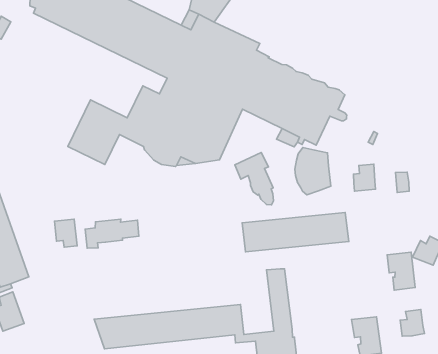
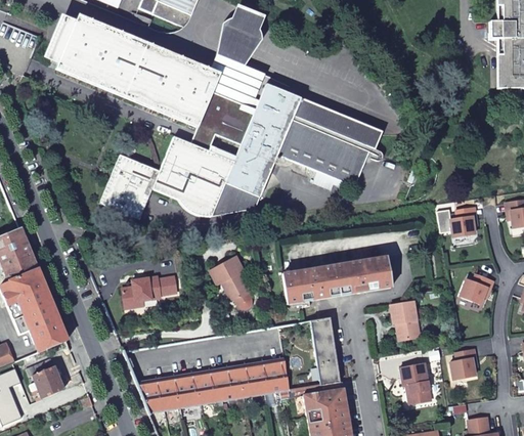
building: [295,148,331,195] -> none
building: [235,152,274,205] -> [210,255,252,308]
building: [353,164,375,191] -> [451,209,475,237]
building: [55,219,77,247] -> none
building: [387,252,415,290] -> [390,298,421,338]

